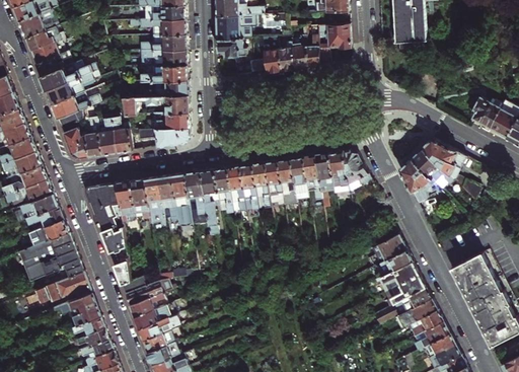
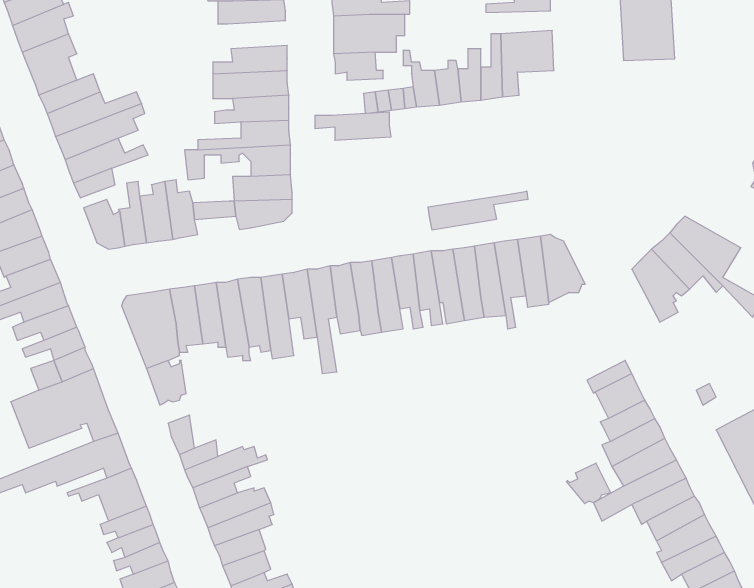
building: [140,19,187,36] -> [315,112,391,140]
building: none -> [428,191,528,230]
building: none -> [567,463,611,504]

